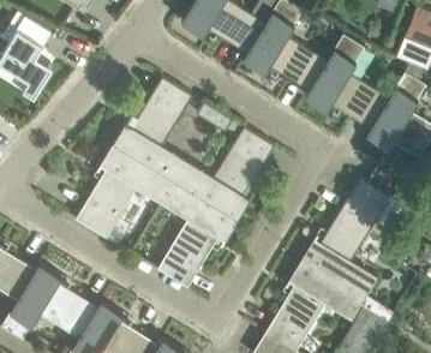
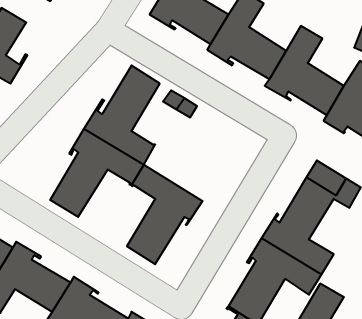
building: [175,127,274,221] -> none

